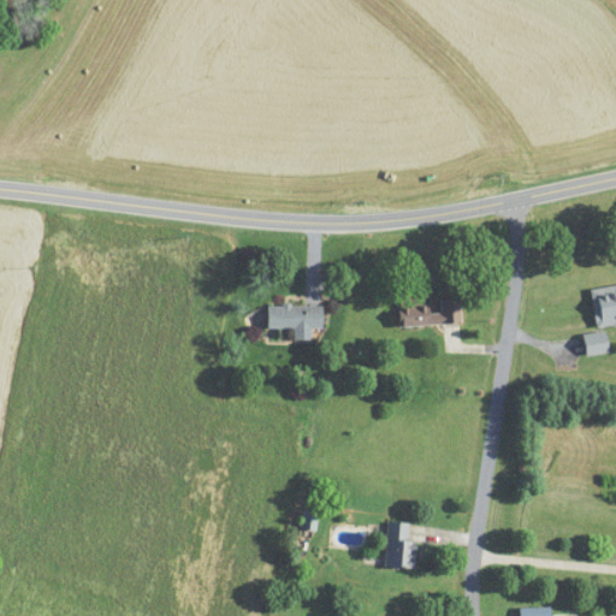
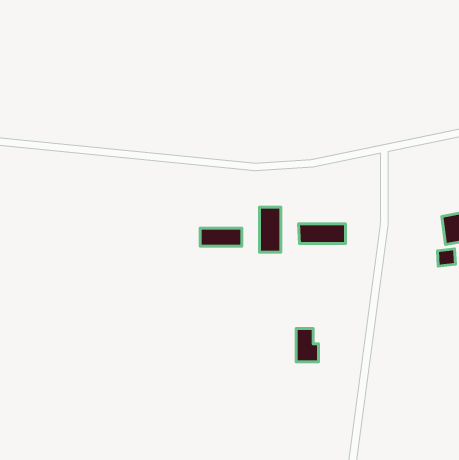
building: none -> [260,207,281,252]
building: [387,522,417,567] -> [296,328,319,362]

